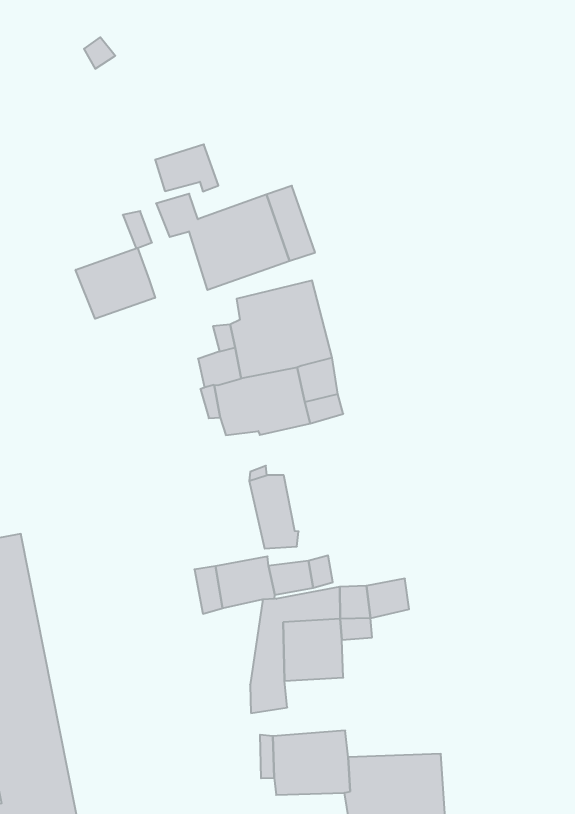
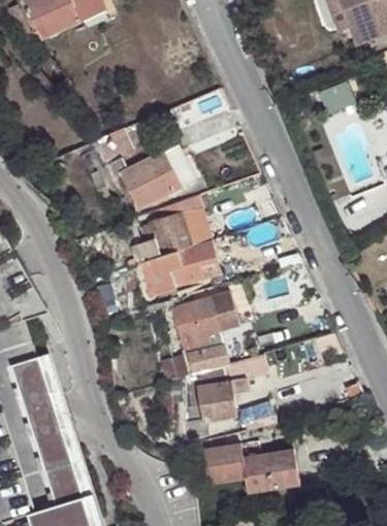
building: [76,248,155,319] -> none
building: none -> [190,297,231,337]

